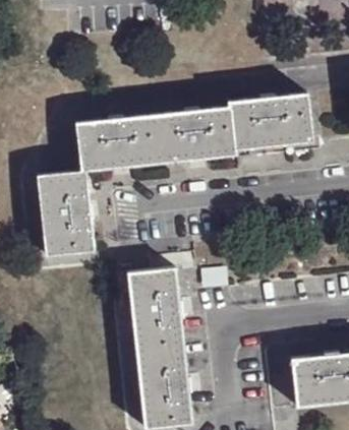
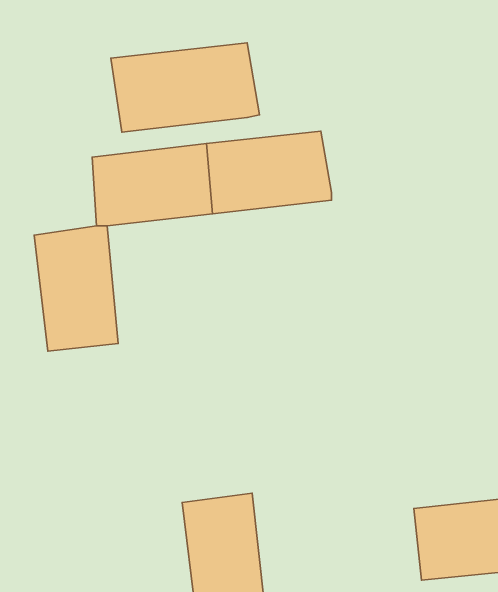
building: none -> [111,43,260,132]
building: [228,94,311,148] -> none
building: [127,268,183,355] -> none

